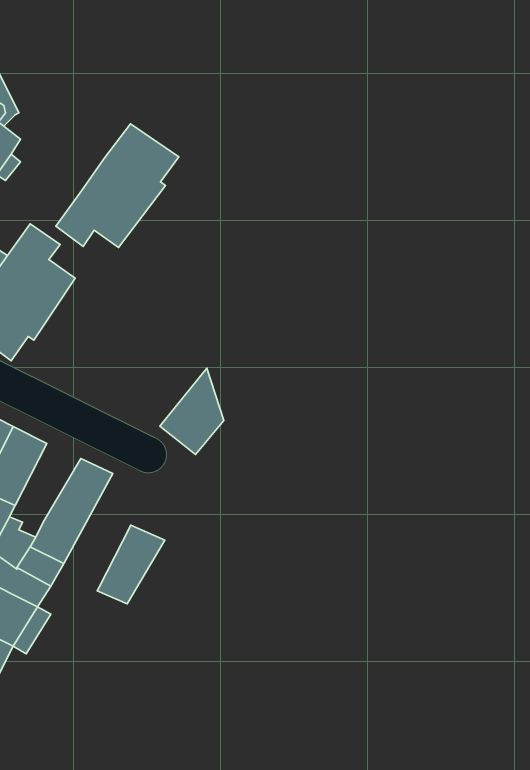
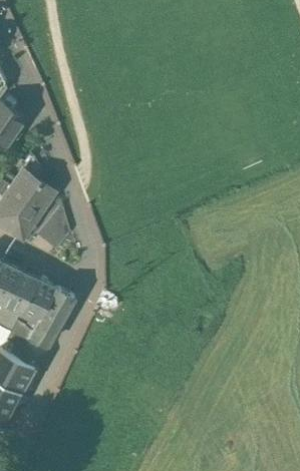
building: [56,124,179,248] -> none
building: [160,368,224,454] -> [37,204,71,251]
building: [97,525,165,604] -> [21,281,57,323]

